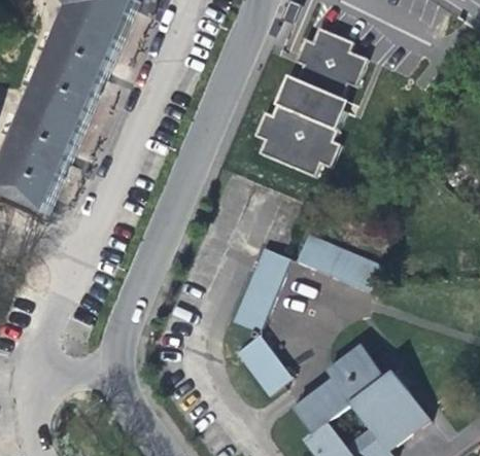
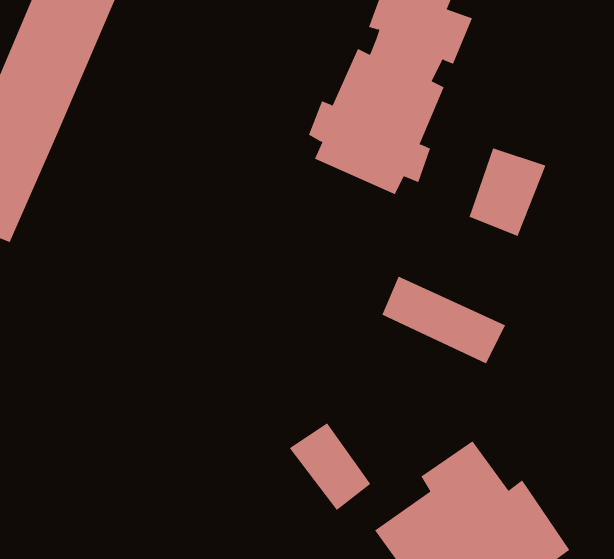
building: none -> [469,148,546,237]
building: [232,245,295,334] -> none

